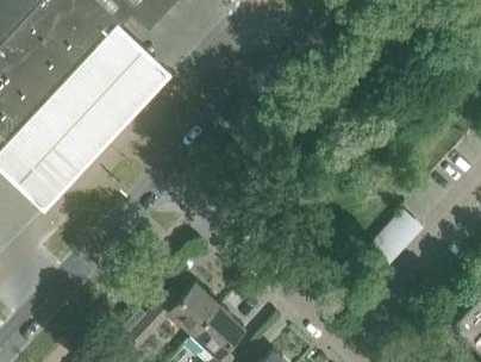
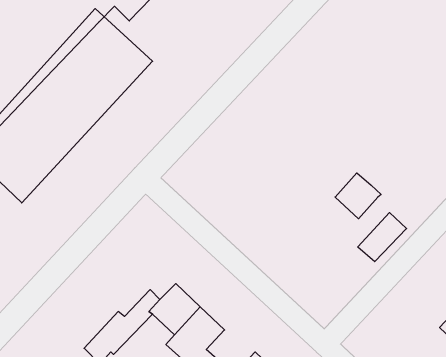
building: none -> [335,173,381,219]

